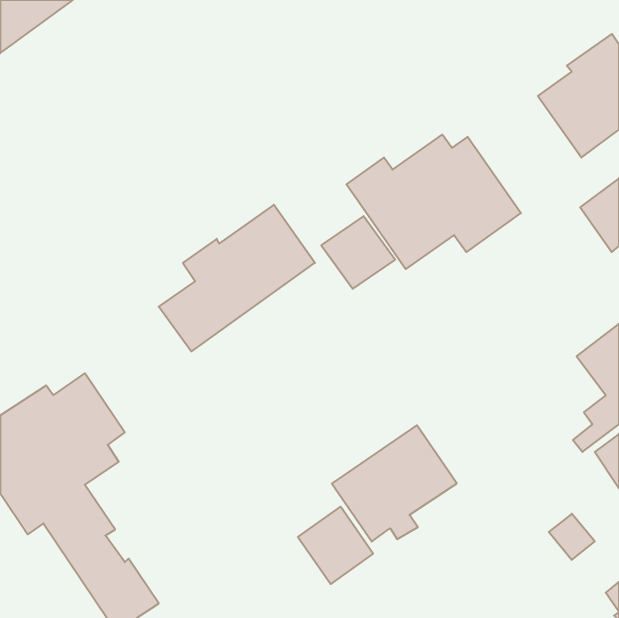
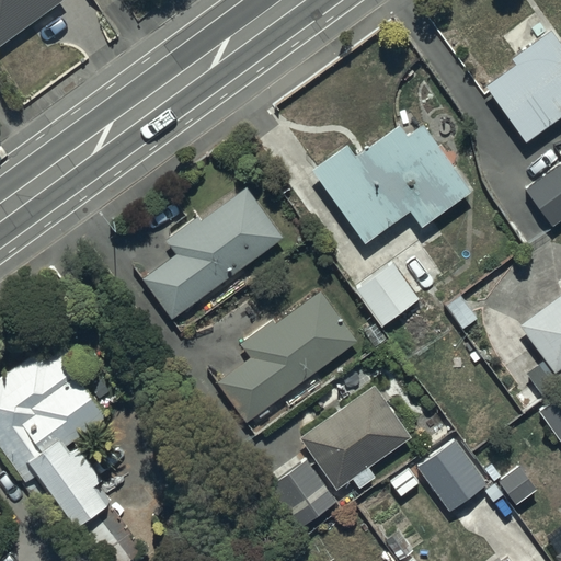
building: [321,216,395,289] -> [354,261,421,327]
building: none -> [218,291,358,424]
building: none -> [416,437,488,512]

